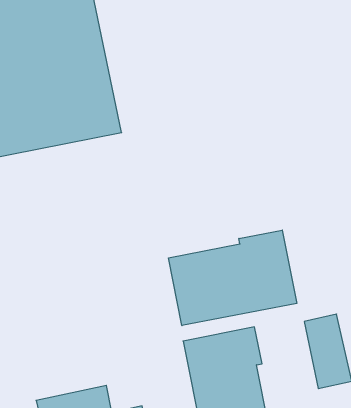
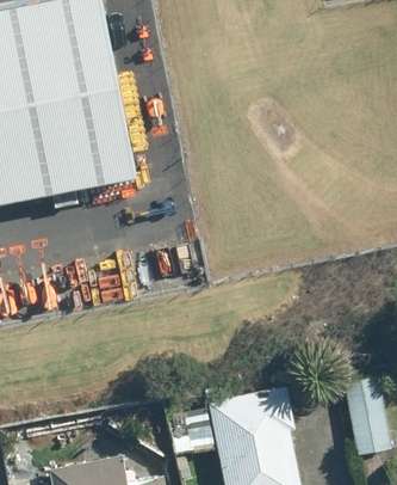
building: [169,230,297,326] -> none

